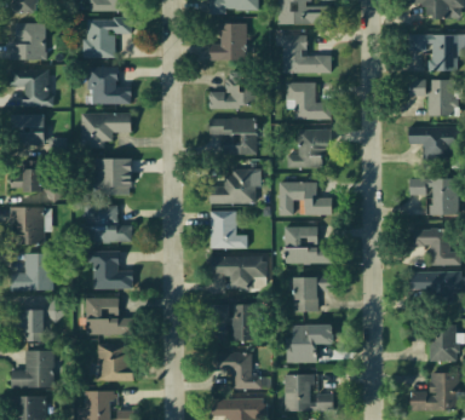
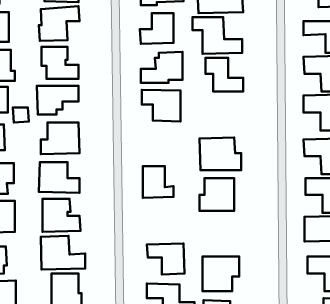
building: [285,125,329,169] -> none
building: [209,168,258,205] -> none
building: [214,257,269,281] -> none
building: [294,275,335,313] -> none

